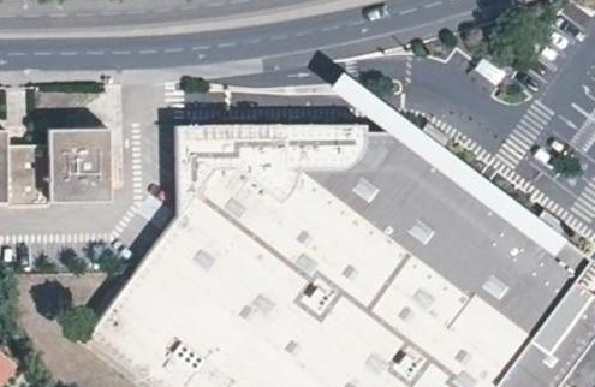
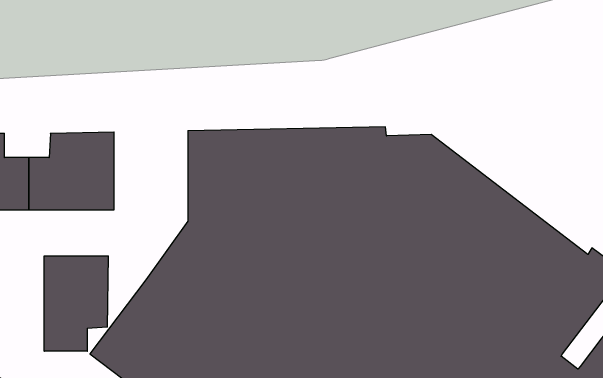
building: none -> [44,256,108,351]

